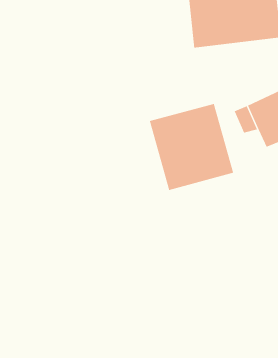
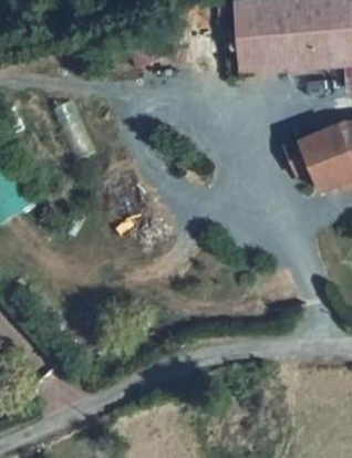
building: [149,103,234,191] -> none

